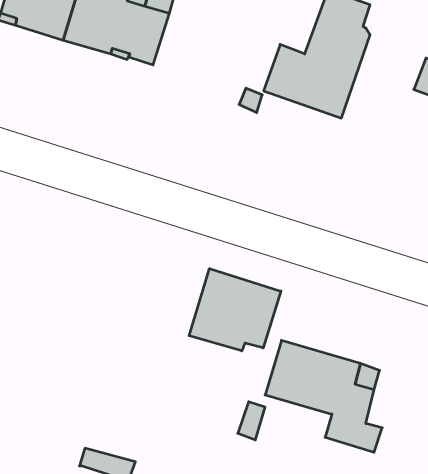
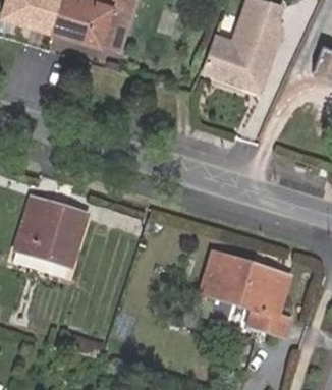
building: none -> [17,201,88,268]
building: [189,269,281,351] -> none

